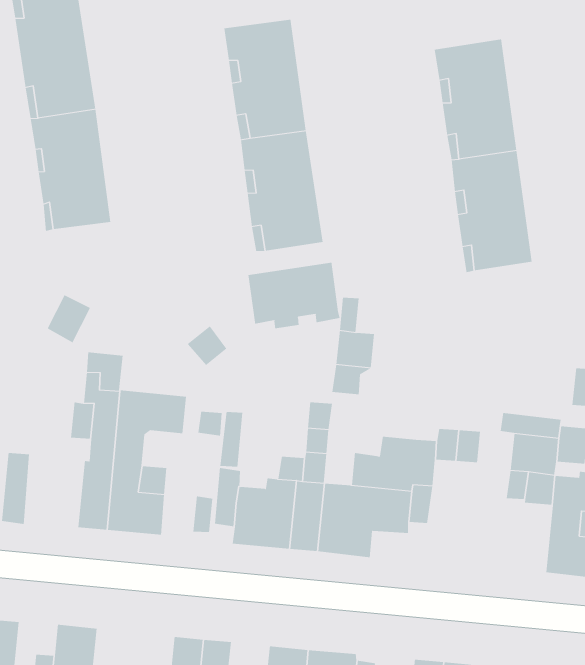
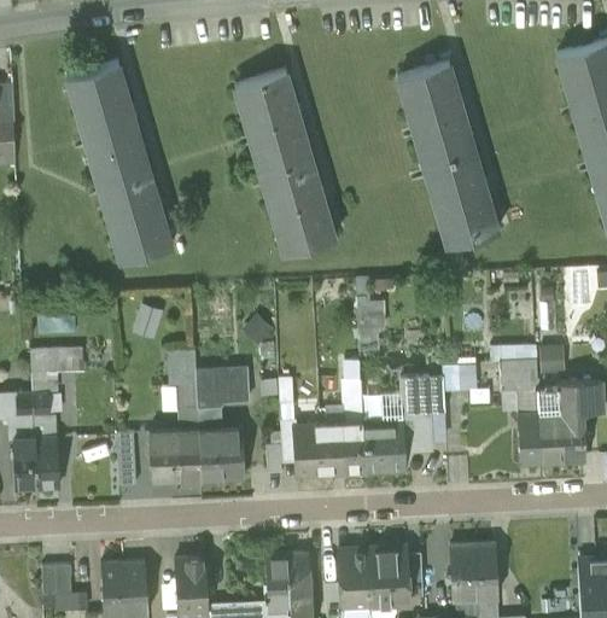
building: [248,262,340,329] -> none
building: none -> [150,430,179,483]
building: none -> [516,412,541,465]

